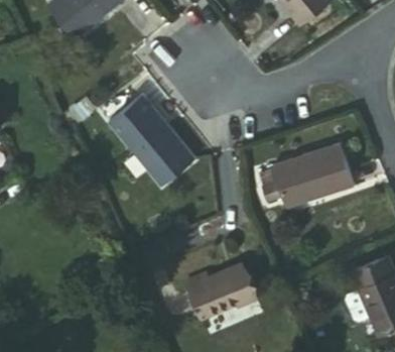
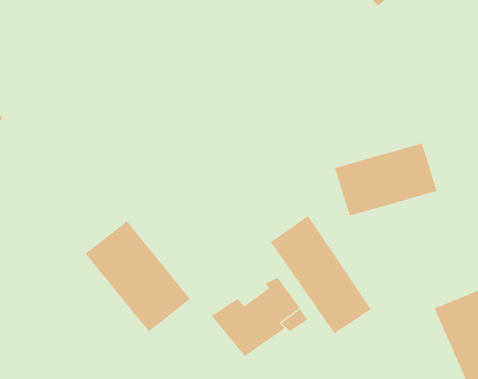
building: [104,97,189,188] -> [85,220,191,332]
building: none -> [270,215,371,334]

